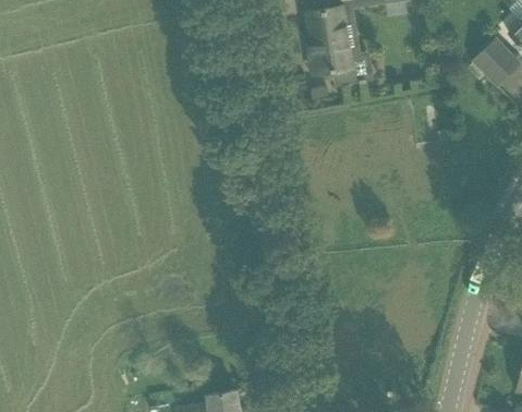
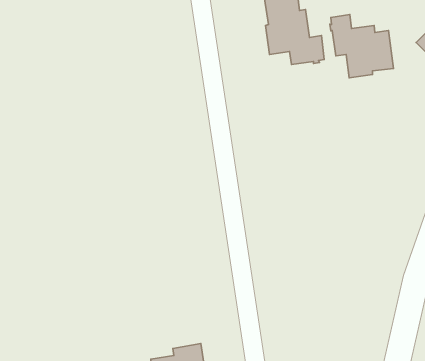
building: none -> [330,15,393,78]

